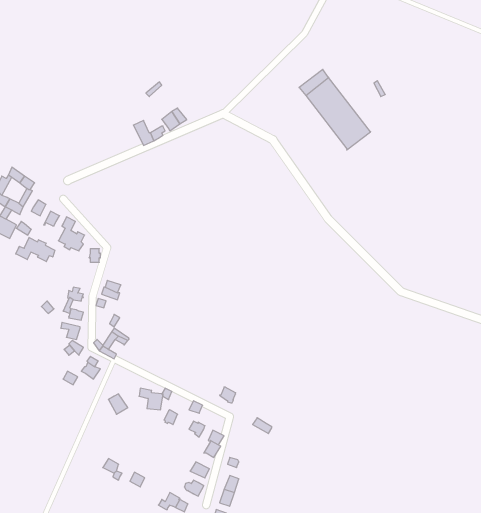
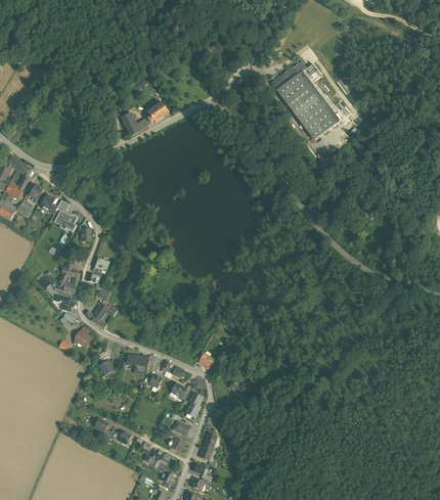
building: [16,237,55,262] -> none

